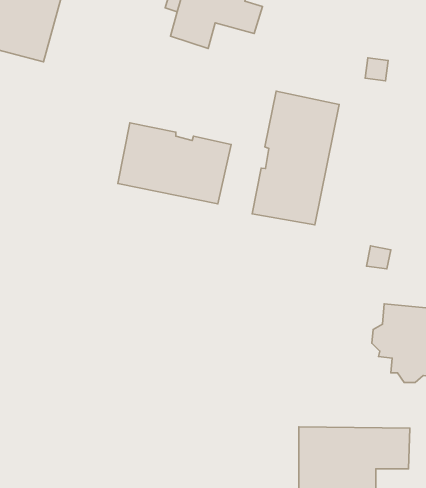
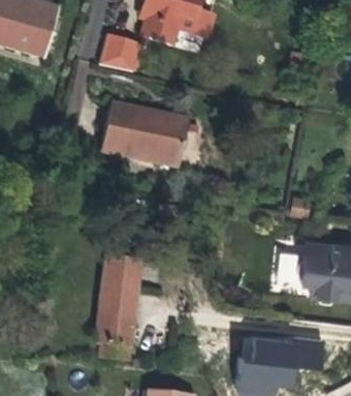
building: none -> [99,34,141,72]
building: [252,91,339,225] -> none
building: none -> [96,257,140,359]

